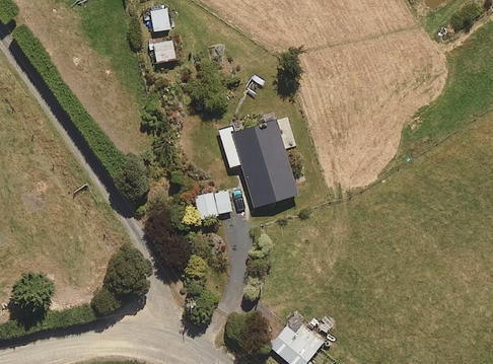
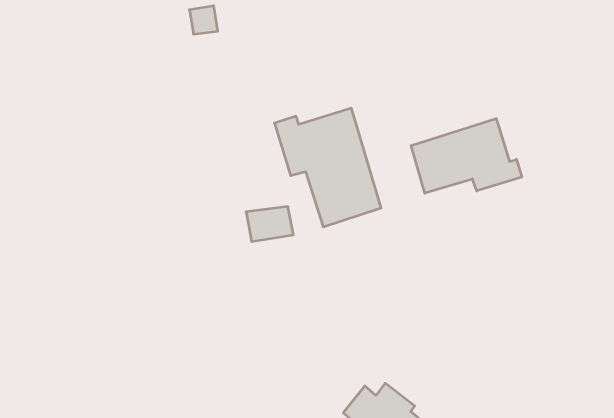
building: none -> [411,119,522,193]

